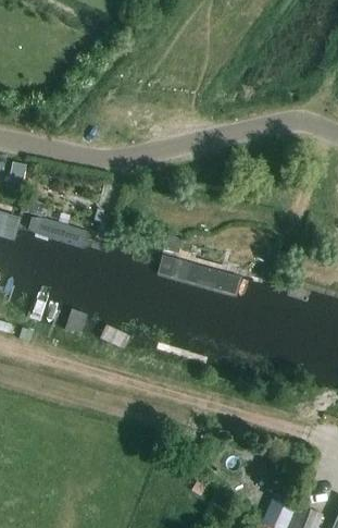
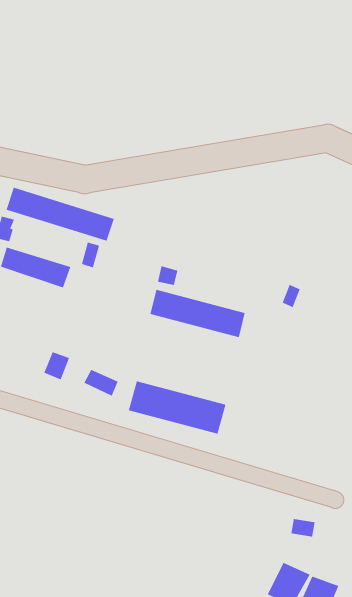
building: none -> [6,187,115,242]
building: none -> [128,381,226,435]

